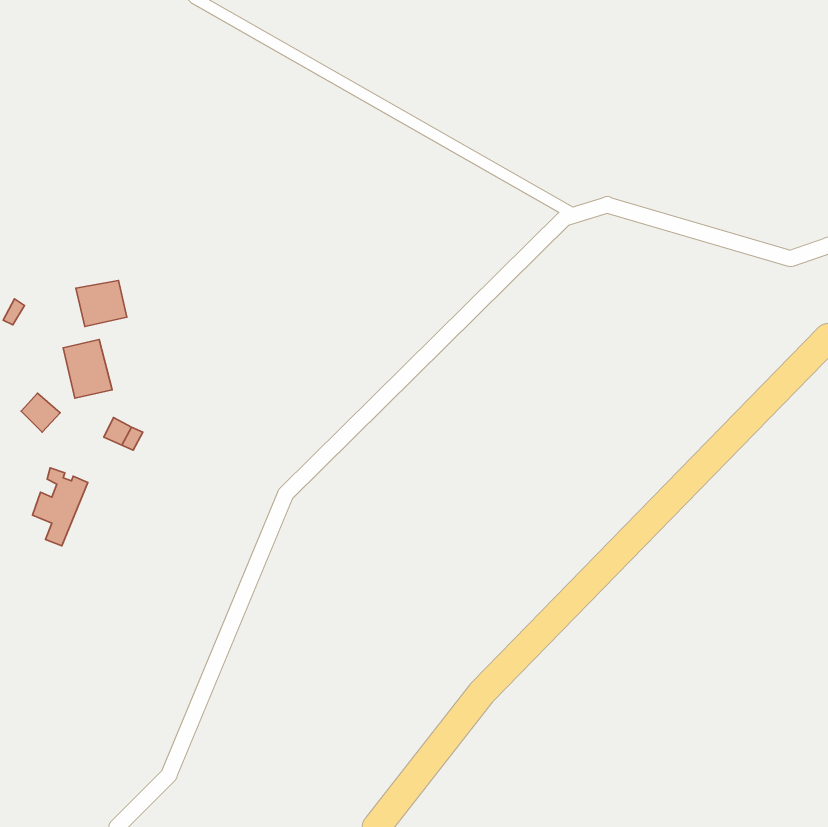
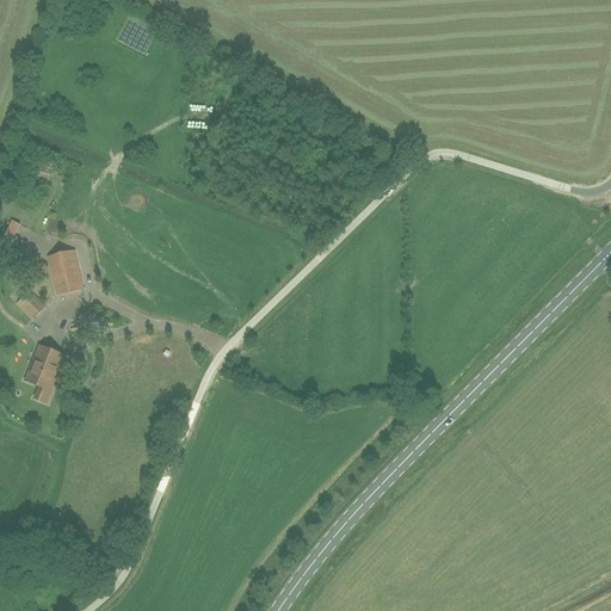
building: [76,280,127,327] -> none

